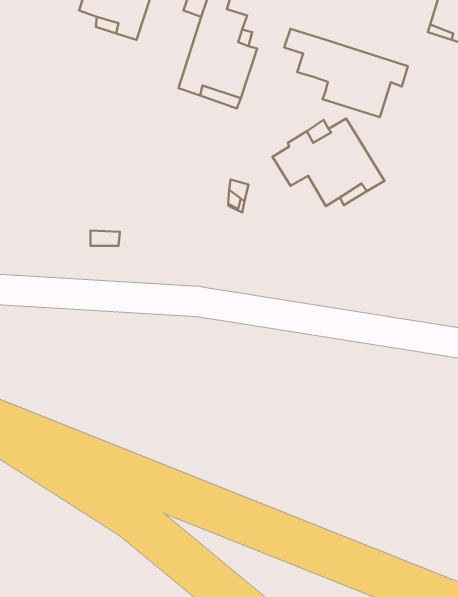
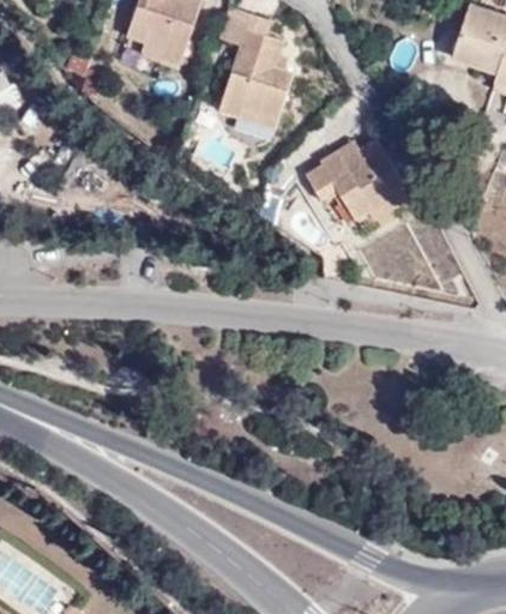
building: [284,29,408,117] -> none

